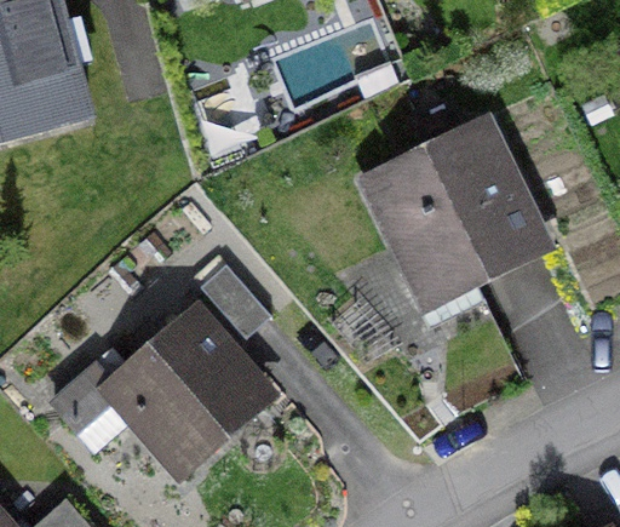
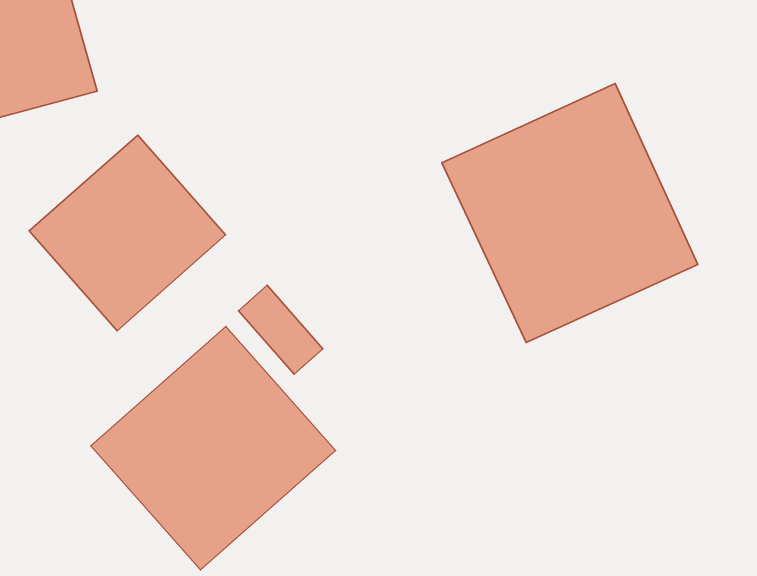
building: none -> [29,135,226,331]

